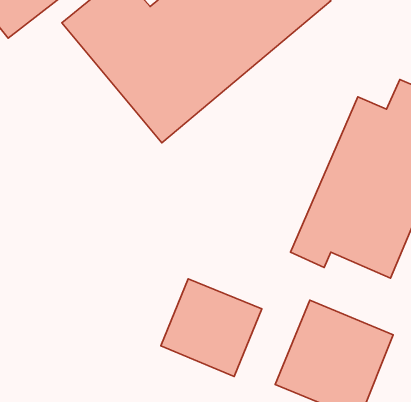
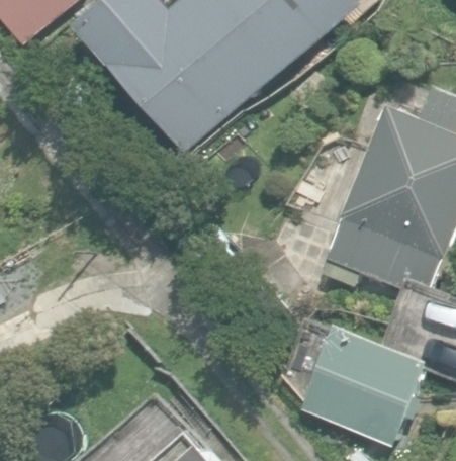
building: [161,279,262,376] -> none

